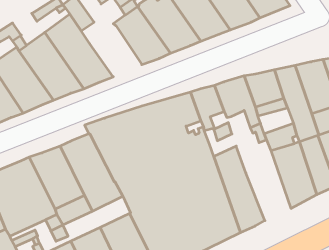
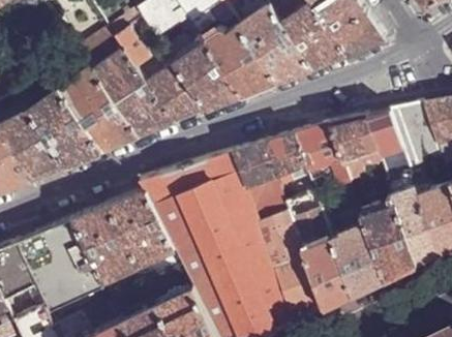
building: none -> [146,62,208,123]
building: none -> [332,222,386,295]

